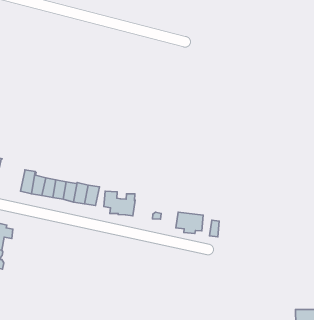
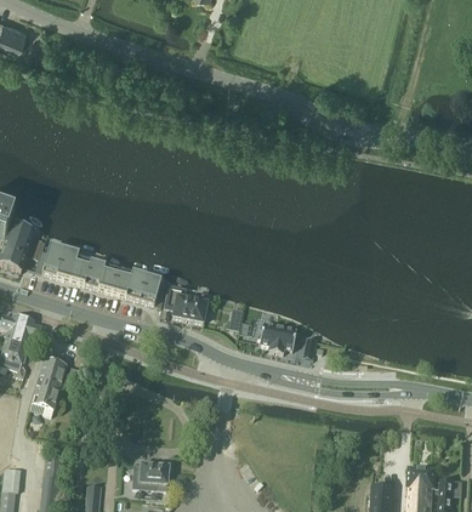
building: none -> [35,244,64,275]
building: none -> [29,357,67,415]

